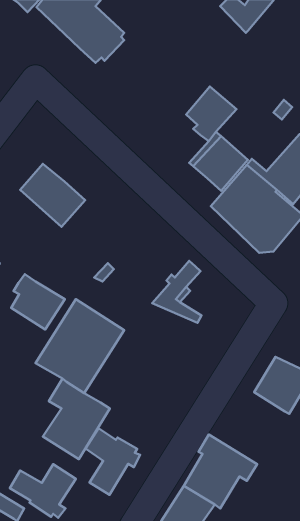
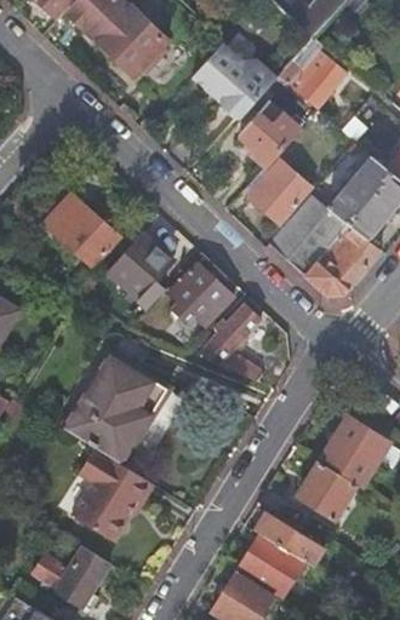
building: none -> [192,44,276,121]
building: none -> [287,52,344,109]
building: none -> [109,236,175,300]
building: none -> [171,264,232,326]
building: [11,274,65,330] -> none
building: none -> [297,461,356,521]
building: [85,428,140,495] -> none

